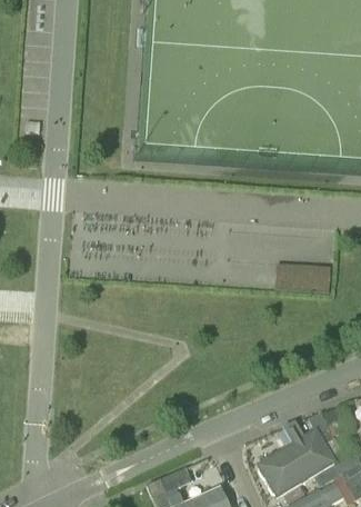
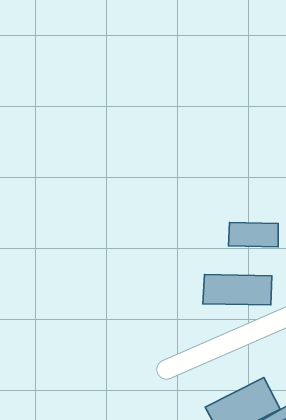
building: none -> [203,274,272,305]

